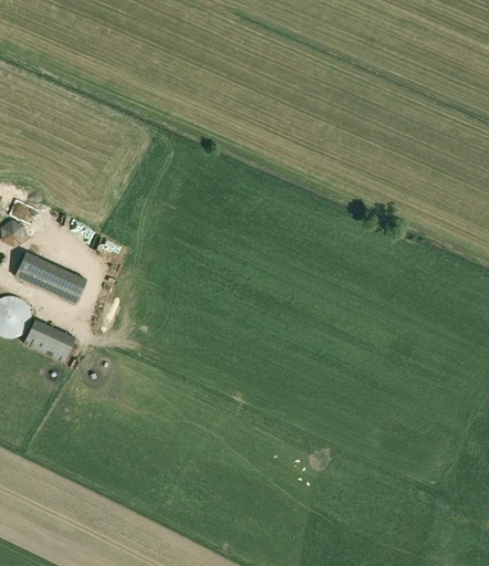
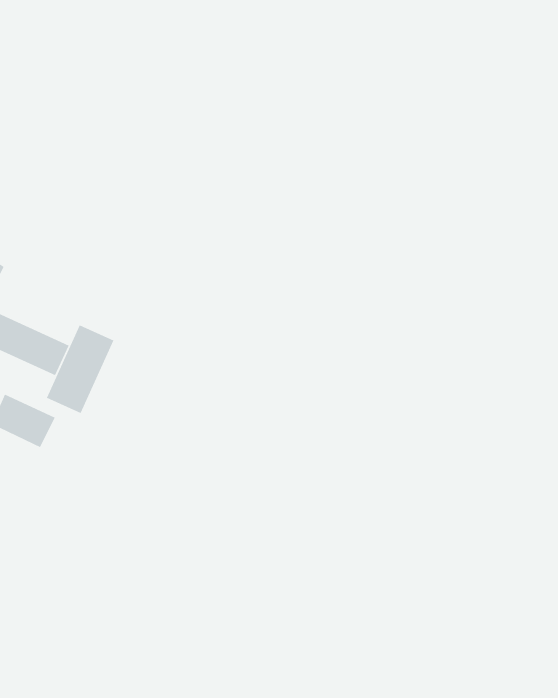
building: none -> [46,324,114,414]

